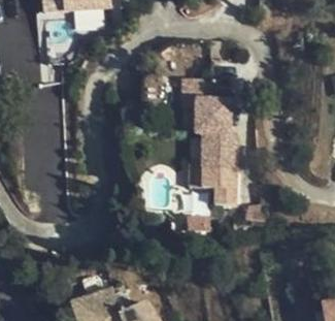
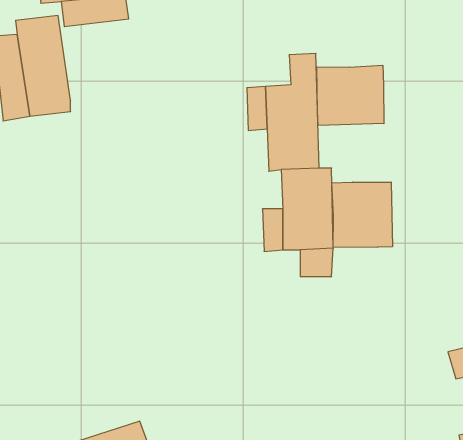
building: none -> [317,65,384,125]
building: none -> [332,182,392,247]

